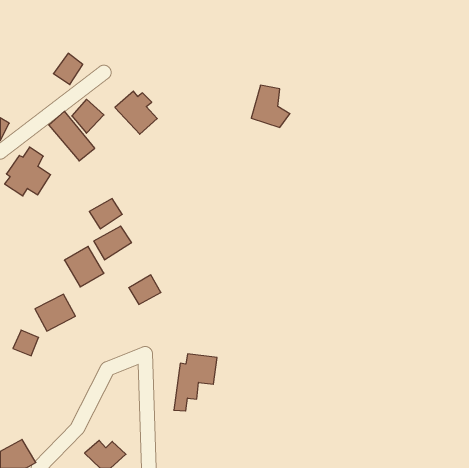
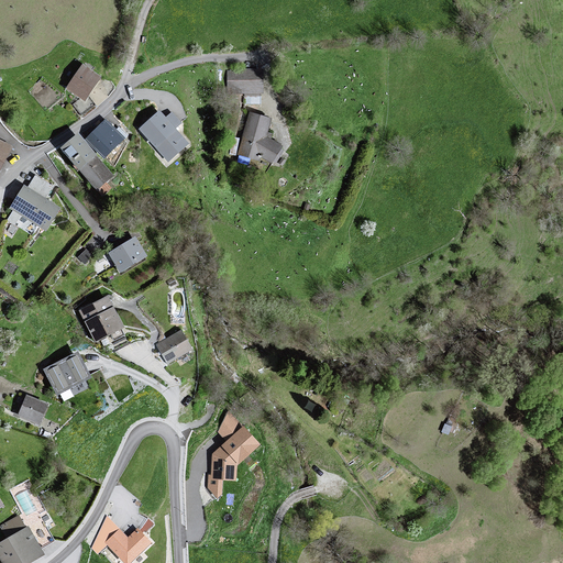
building: none -> [227,69,263,92]
building: [251,85,290,127] -> [238,112,284,163]
building: [94,226,131,260] -> none

